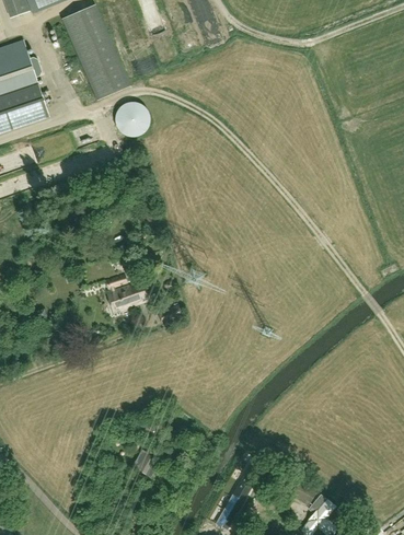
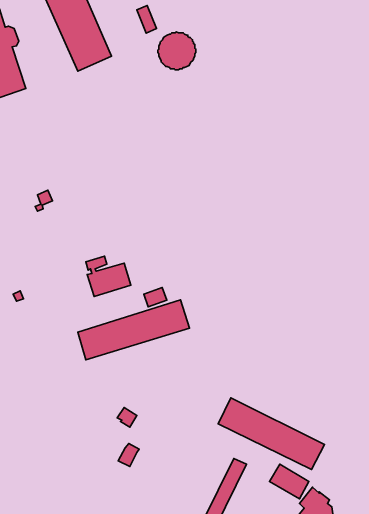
building: [114,100,150,136] -> [158,32,196,70]
building: none -> [78,300,189,360]
building: none -> [218,398,324,470]

